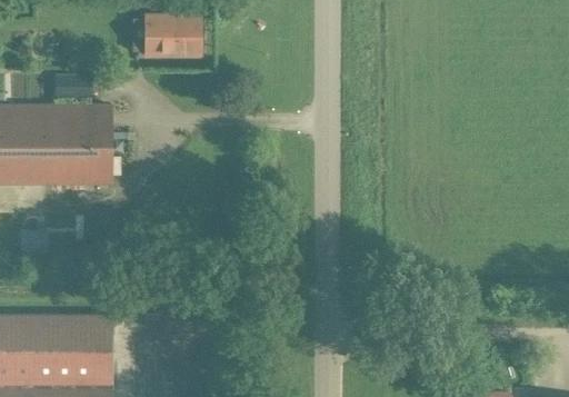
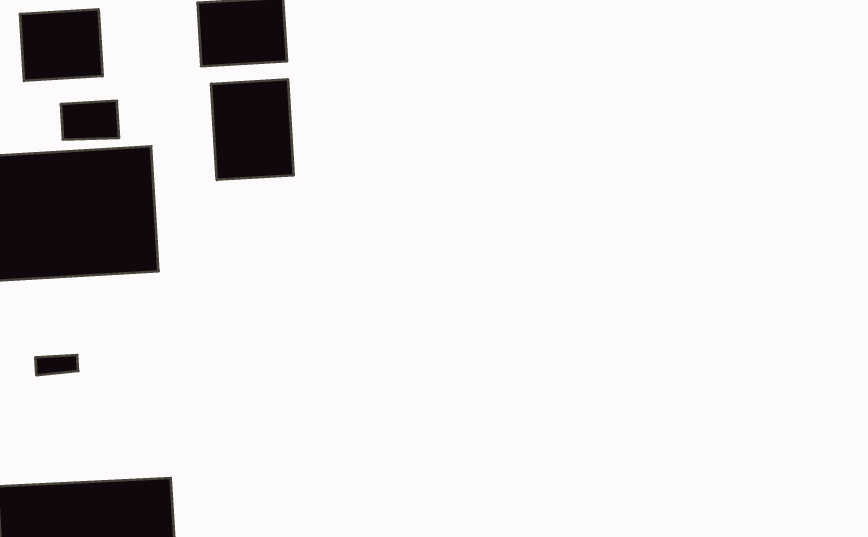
building: none -> [20,9,102,81]
building: none -> [211,79,293,180]

